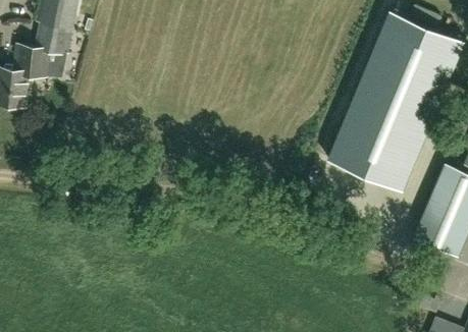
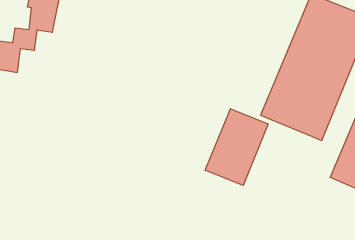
building: none -> [205,109,268,185]

